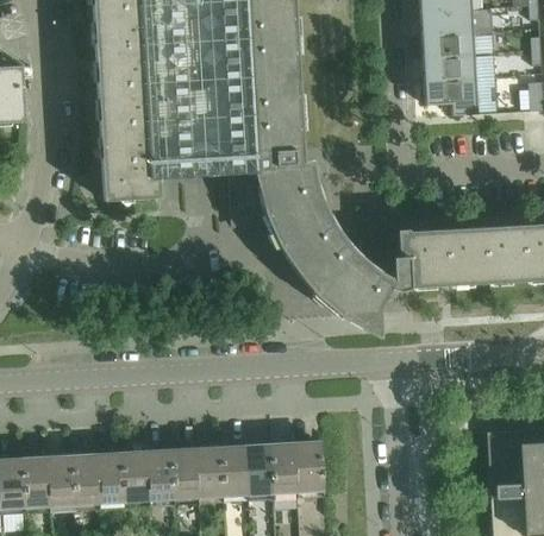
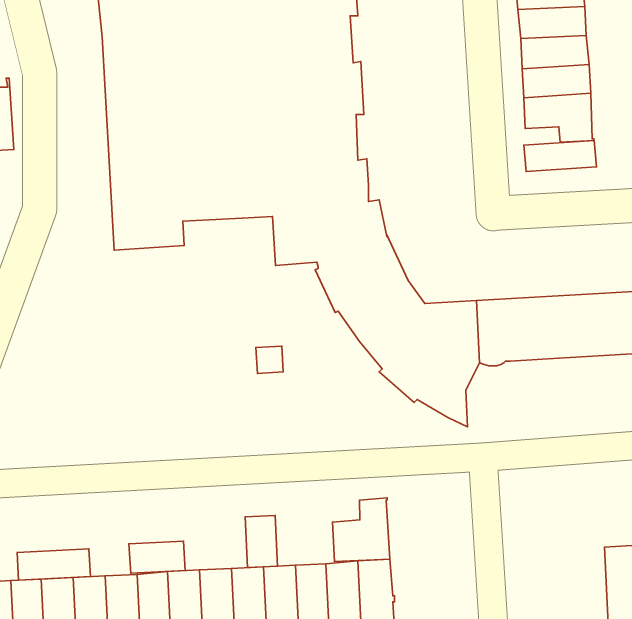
building: none -> [524,140,596,172]
building: none -> [332,498,390,561]
building: none -> [245,515,278,568]
building: none -> [129,541,185,573]
building: none -> [17,549,90,580]

